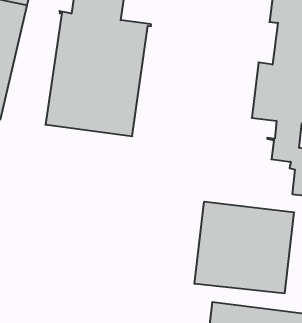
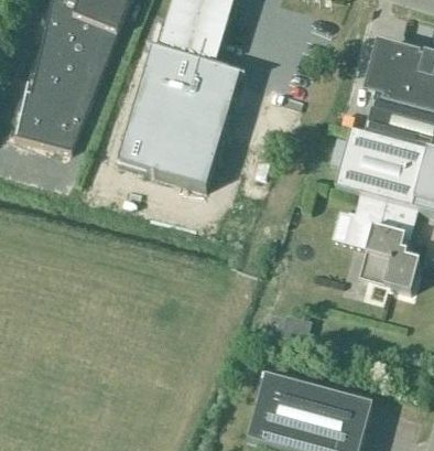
building: [195,202,294,293] -> none

